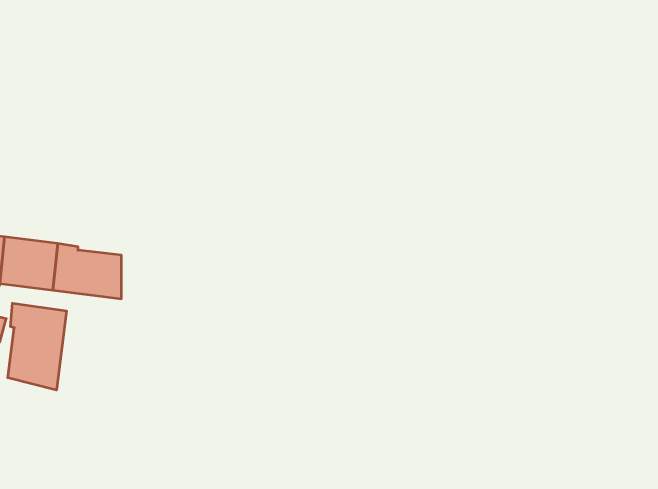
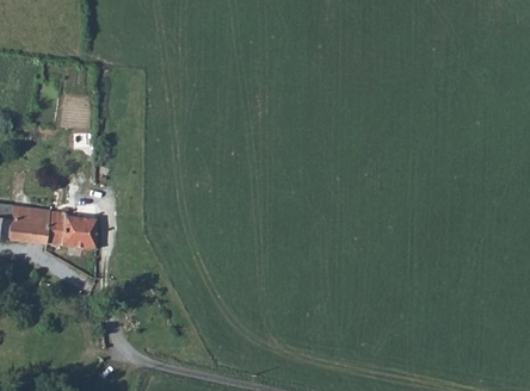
building: [8,303,66,390] -> none

